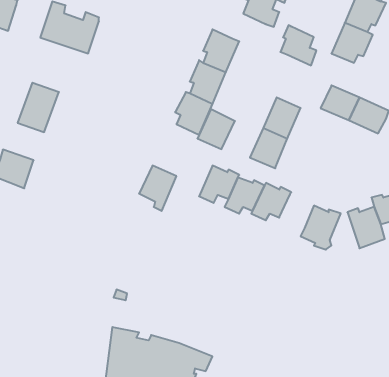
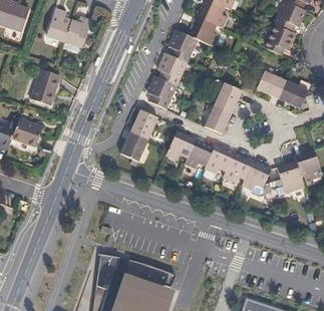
building: [280,25,316,65] -> [191,16,218,46]
building: [197,109,235,149] -> [130,109,158,139]
building: none -> [224,153,253,182]

